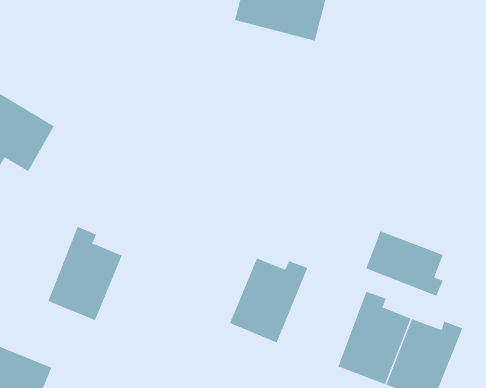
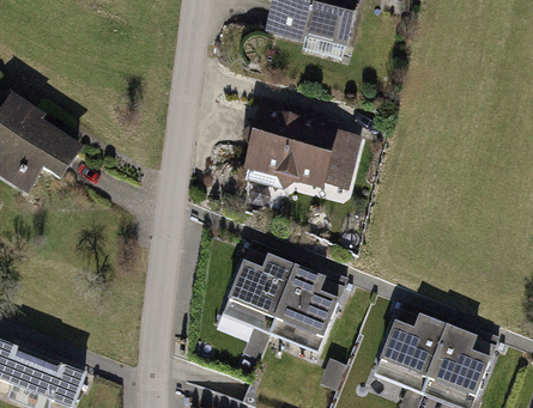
building: none -> [248,105,358,200]
building: [48,226,123,321] -> [217,242,290,334]
building: [365,230,444,297] -> none

